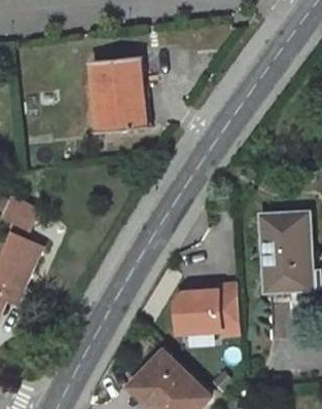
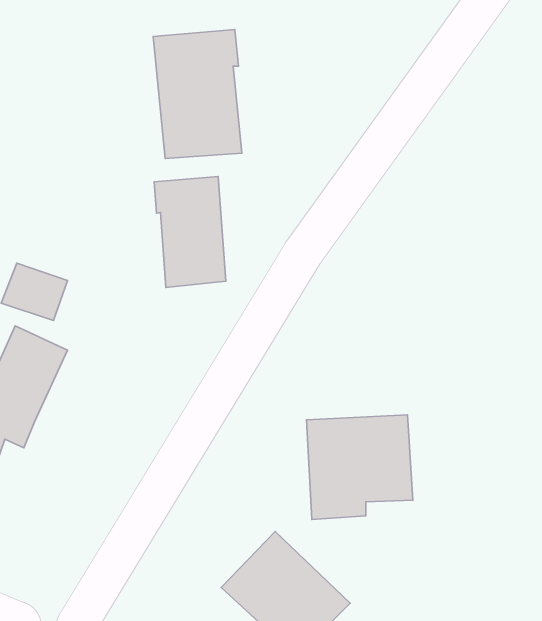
building: none -> [154,176,226,287]
building: [259,212,317,292] -> none

